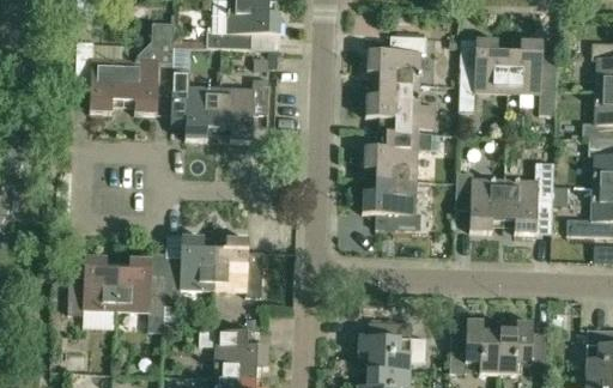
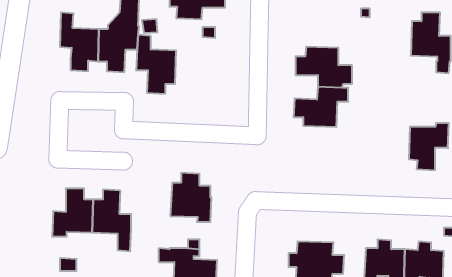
building: [368,36,427,84] -> none
building: [457,38,509,116] -> none
building: [219,78,269,141] -> none
building: [457,172,506,232] -> none
building: [363,180,421,230] -> none
building: [165,236,216,307] -> none

